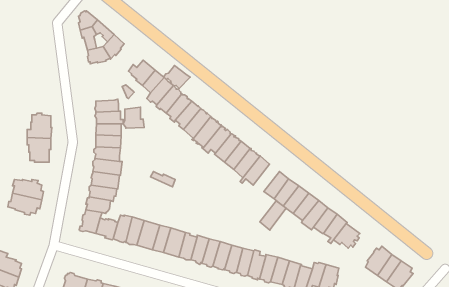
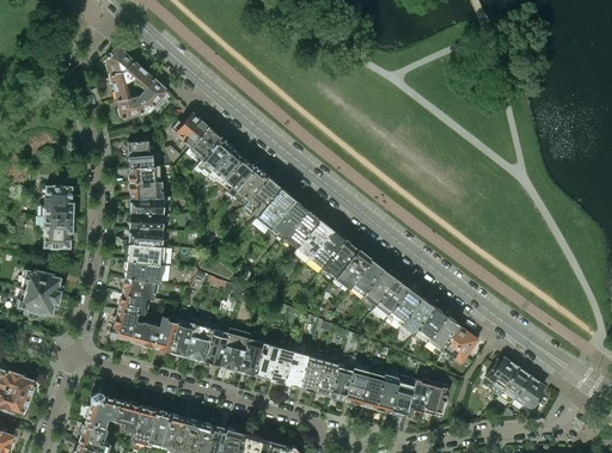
building: [164,65,190,88] -> none
building: [123,107,144,128] -> [127,140,154,167]
building: [260,201,286,230] -> [336,250,371,288]

